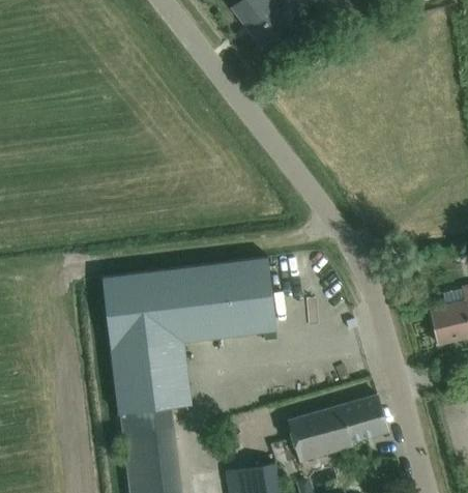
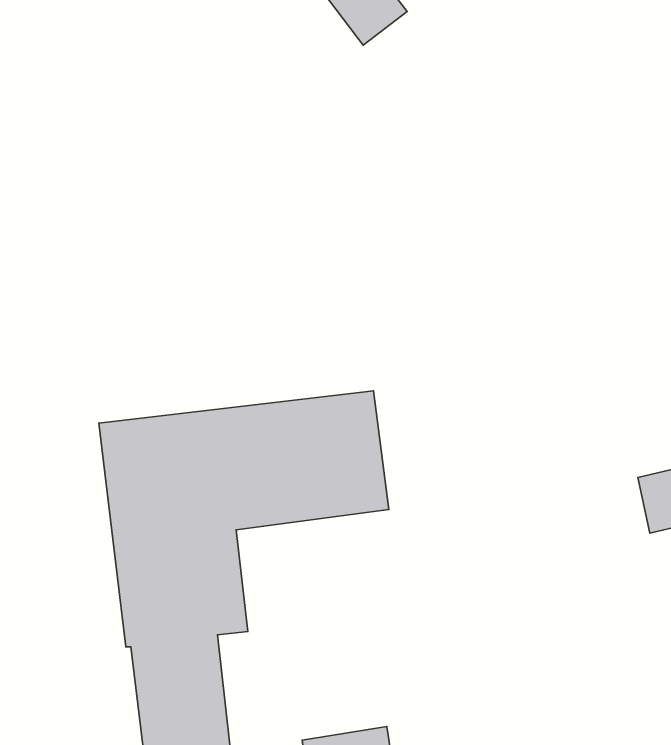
building: [288,396,388,463] -> none

